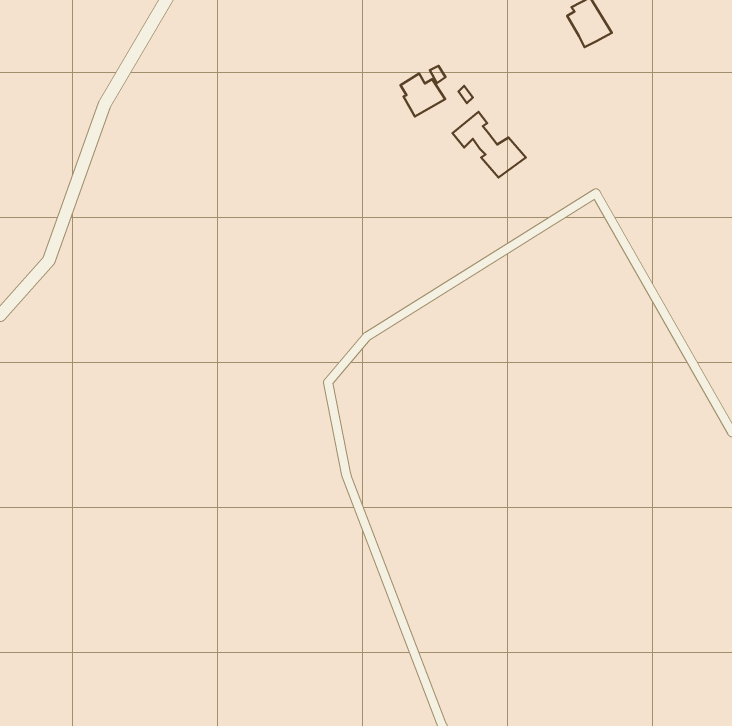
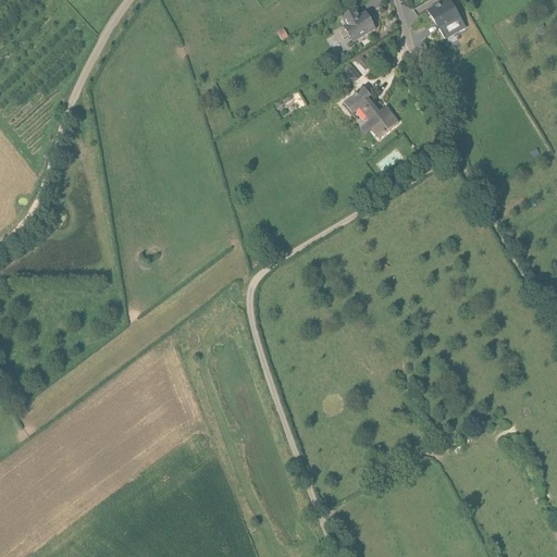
building: [401,74,445,117] -> [342,7,375,39]

